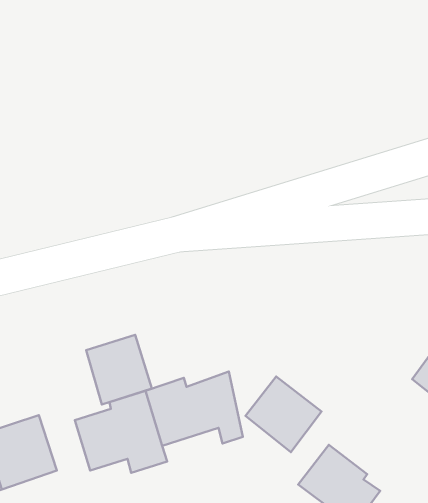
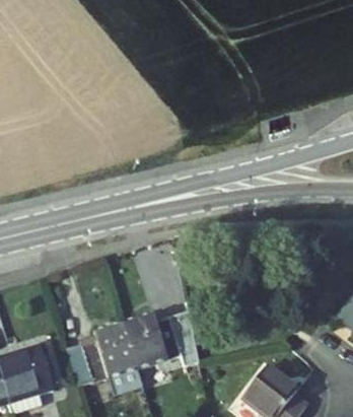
building: [86,335,152,405] -> none
building: [246,376,322,452] -> none

